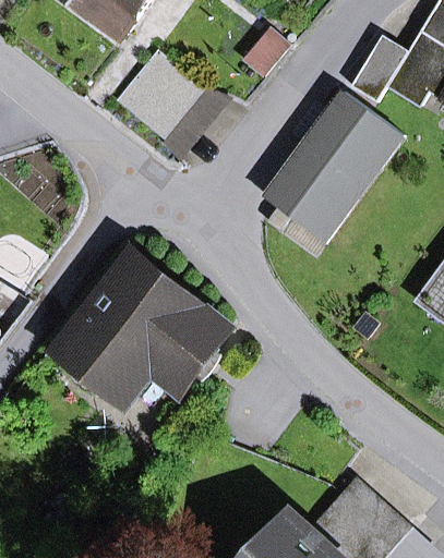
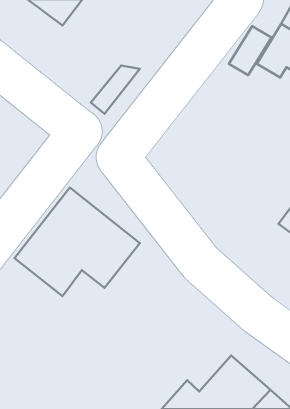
building: [116,50,204,140] -> none
building: [275,98,404,242] -> none

